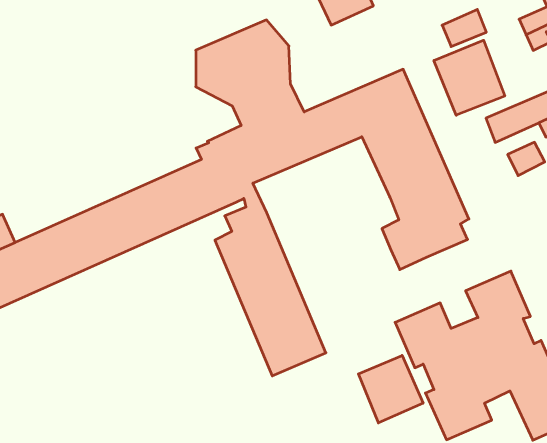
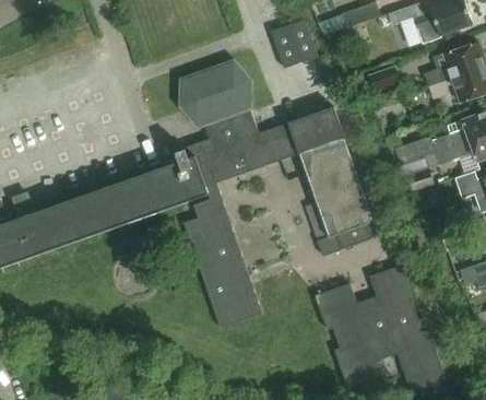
building: [434,40,505,115] -> none
building: [358,355,423,423] -> none

